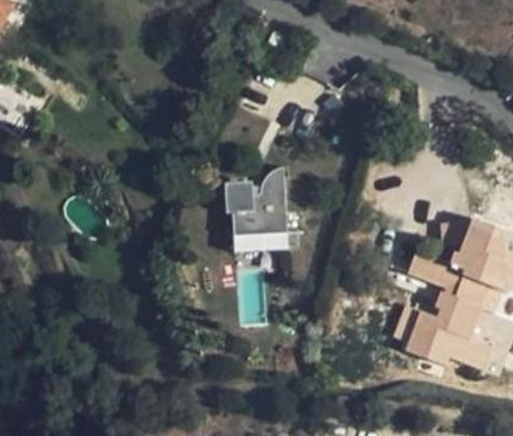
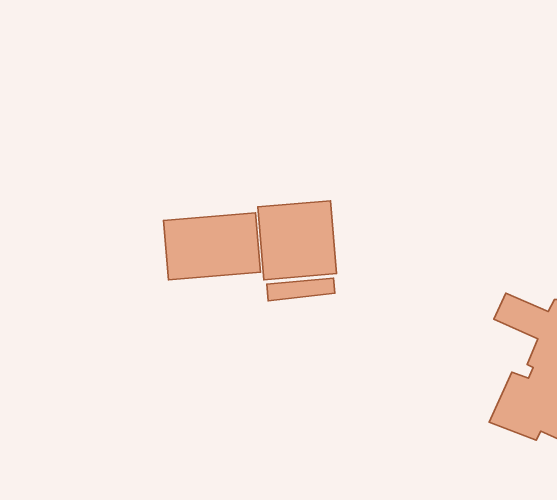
building: none -> [164,213,261,280]

